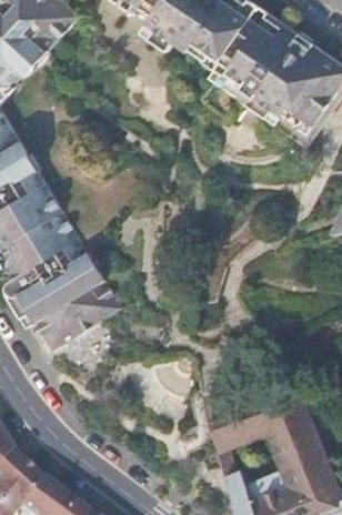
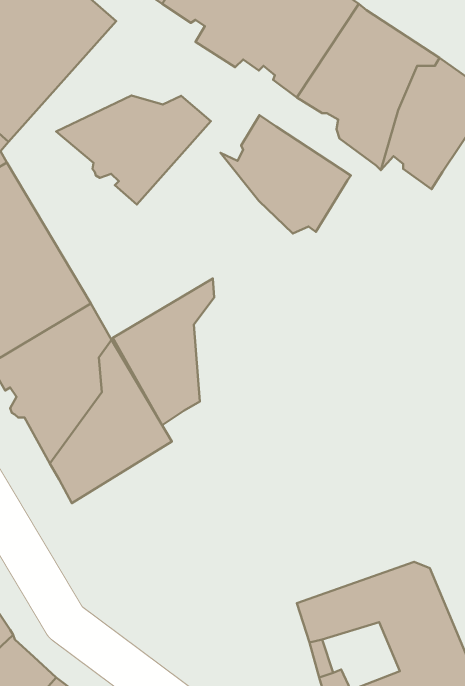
building: none -> [56,96,211,204]
building: none -> [220,115,351,234]
building: none -> [113,279,214,425]

